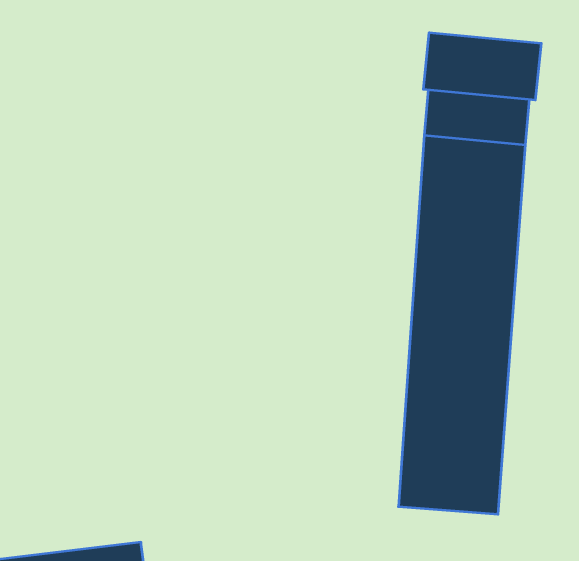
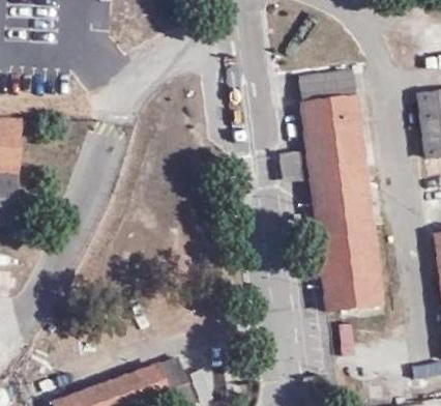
building: [423,33,541,100] -> none

